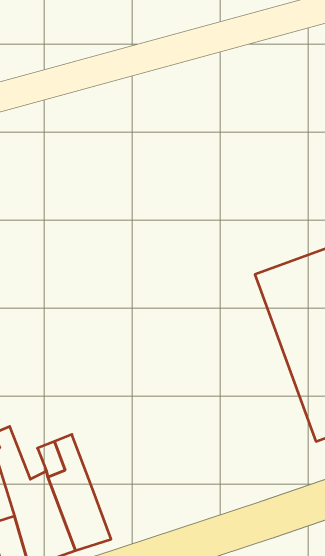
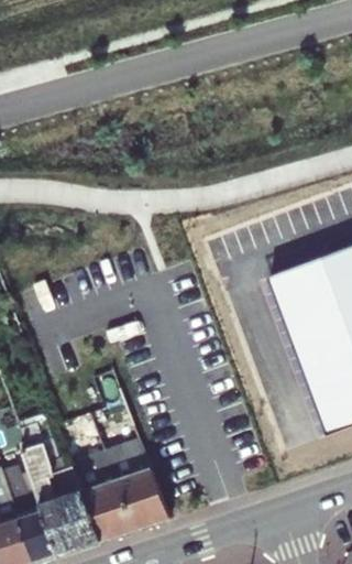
building: none -> [109,414,167,529]

